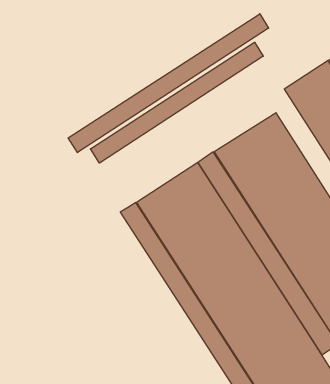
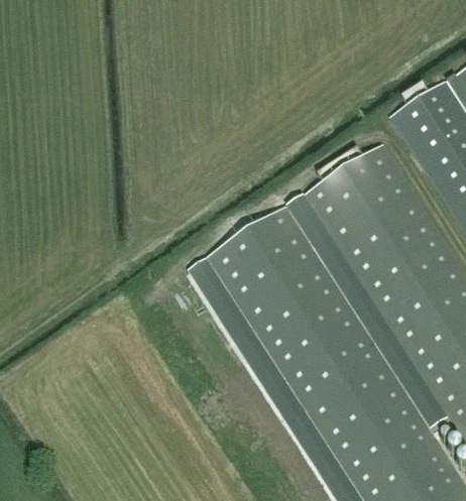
building: [68,14,269,153] -> none
building: [90,42,263,163] -> none

